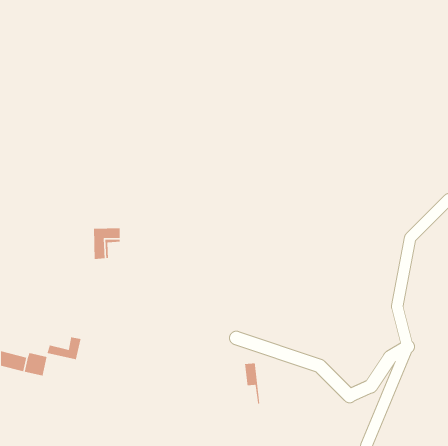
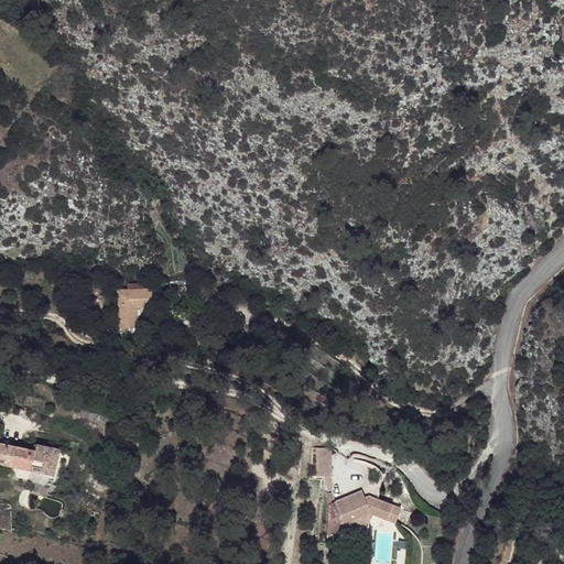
building: [47,336,82,360] -> none
building: none -> [332,495,398,533]

